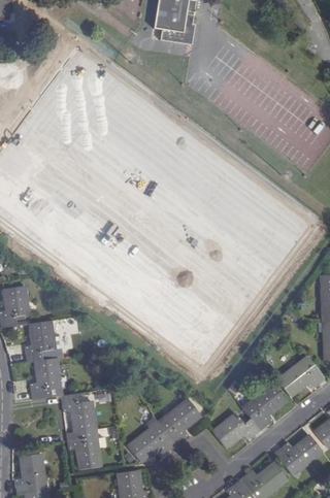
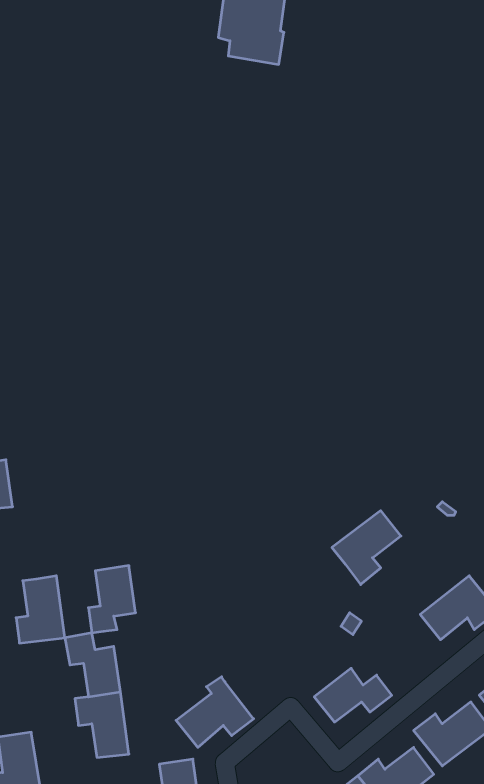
building: [25,320,54,361] -> [88,566,136,633]
building: [242,385,285,430] -> [332,511,401,585]
building: [158,399,200,444] -> none

